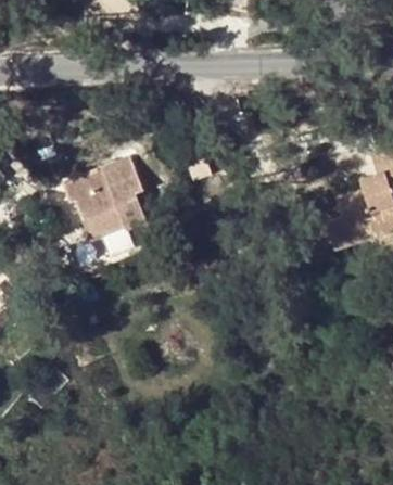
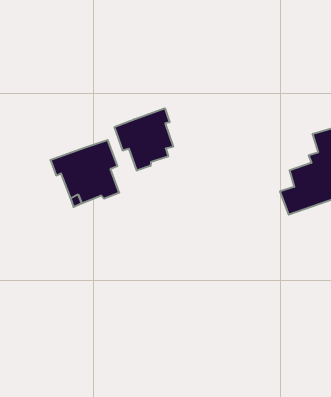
building: none -> [115,108,173,171]

